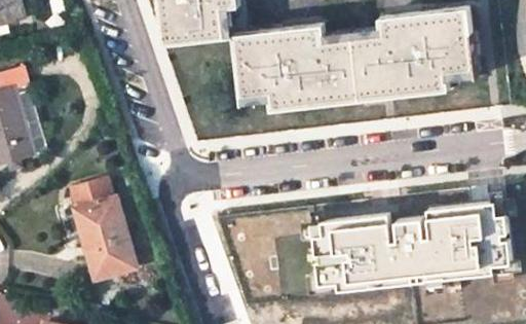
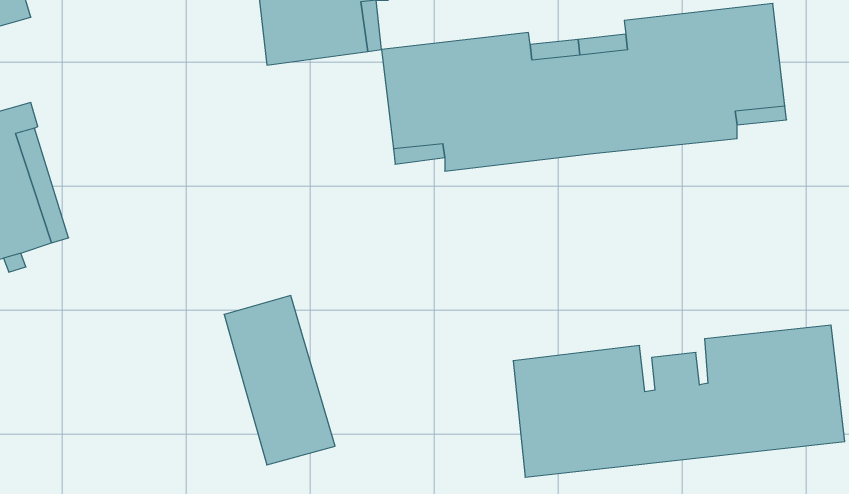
building: [68,175,135,277] -> [224,296,335,465]

